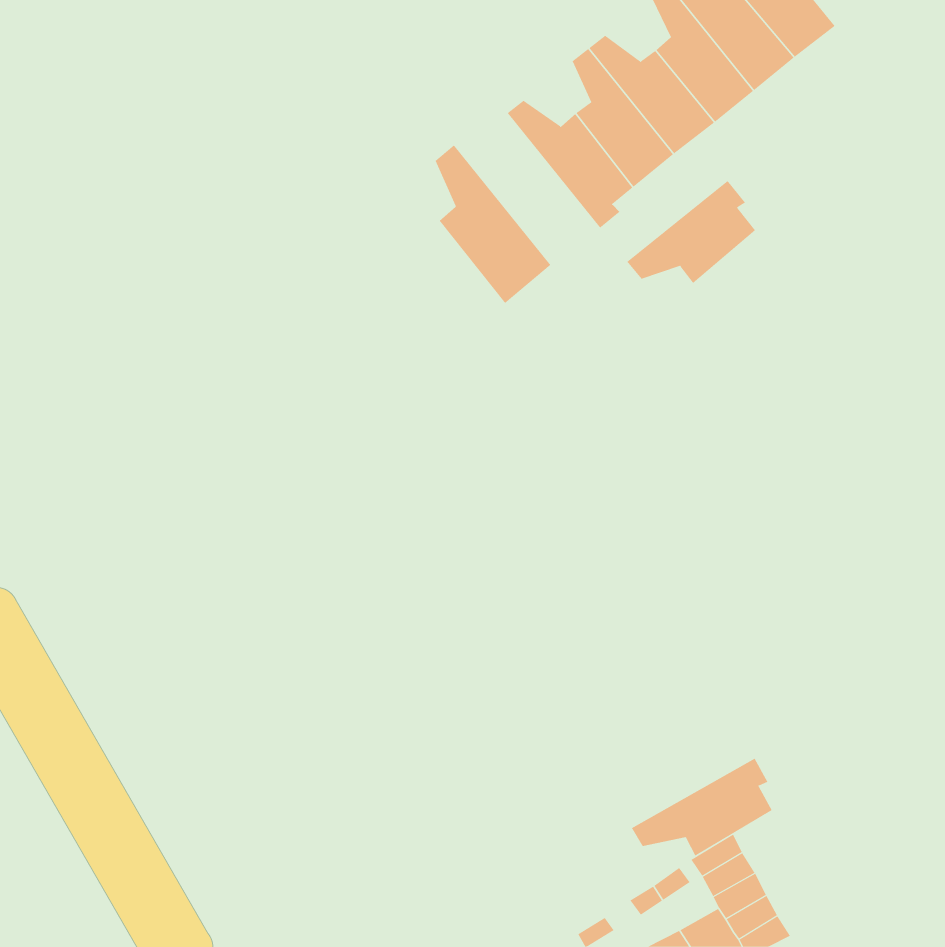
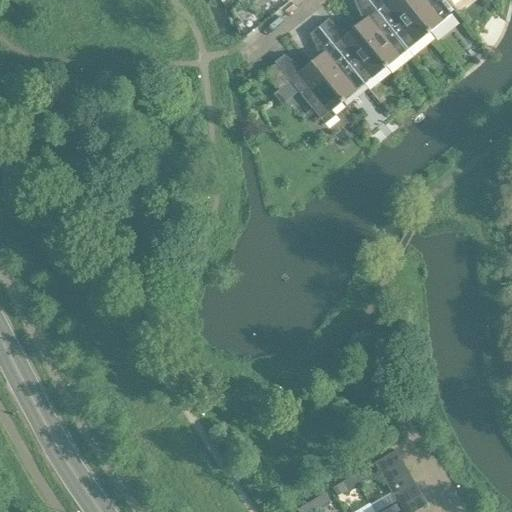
building: [435,145,551,304] -> none
building: [627,180,756,284] -> none
building: [631,758,773,857] -> none

